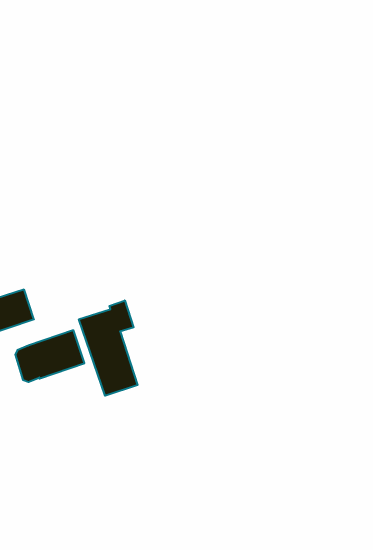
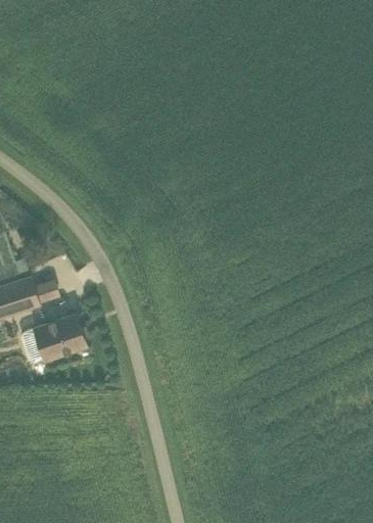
building: [79,300,138,396] -> none

